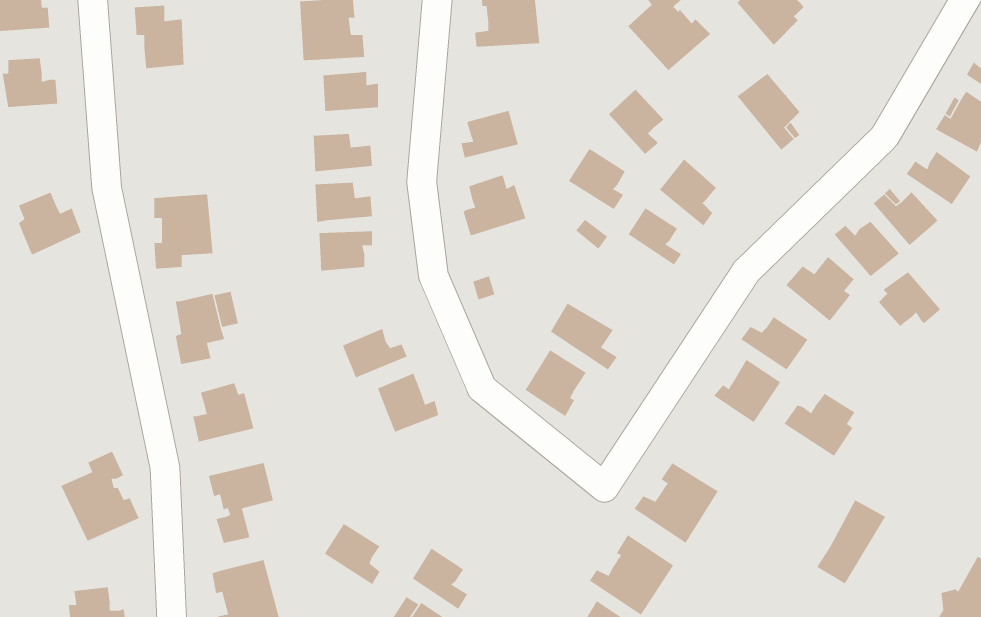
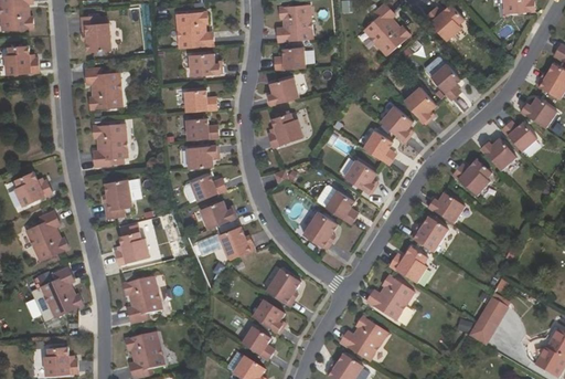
building: none -> [271,45,305,69]
building: [608,89,665,155] -> [403,85,435,123]
building: none -> [85,67,121,109]
building: [568,148,626,210] -> [343,158,376,193]
building: [18,192,82,256] -> [15,169,52,206]
building: [878,271,941,327] -> none
building: none -> [189,172,226,200]
building: none -> [25,211,68,262]
building: [784,393,855,457] -> [390,248,430,284]
building: none -> [264,266,298,305]
building: [324,523,380,585] -> [249,297,281,333]

